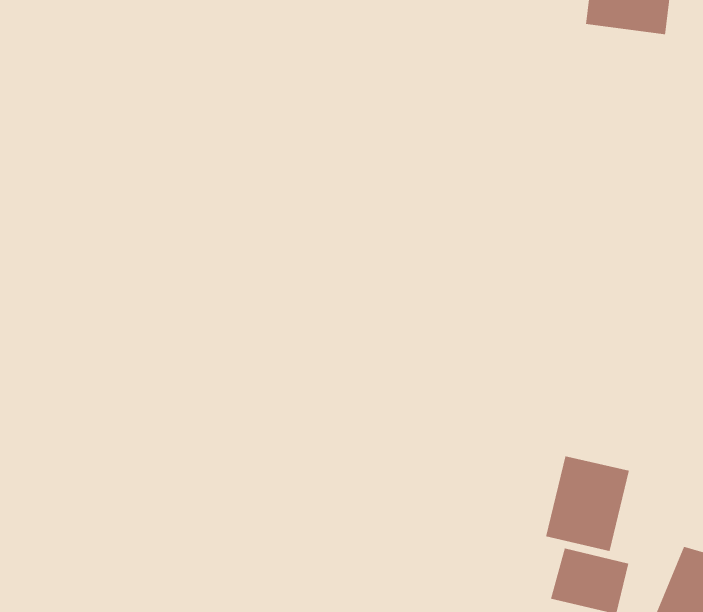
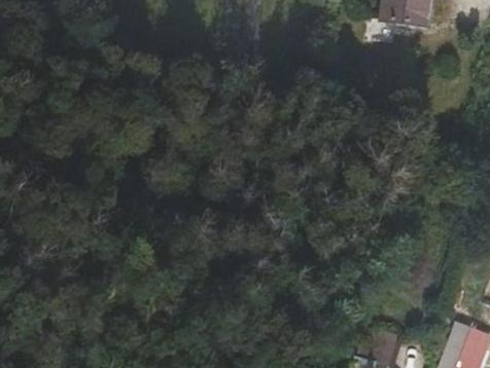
building: [545,455,629,552] -> none

